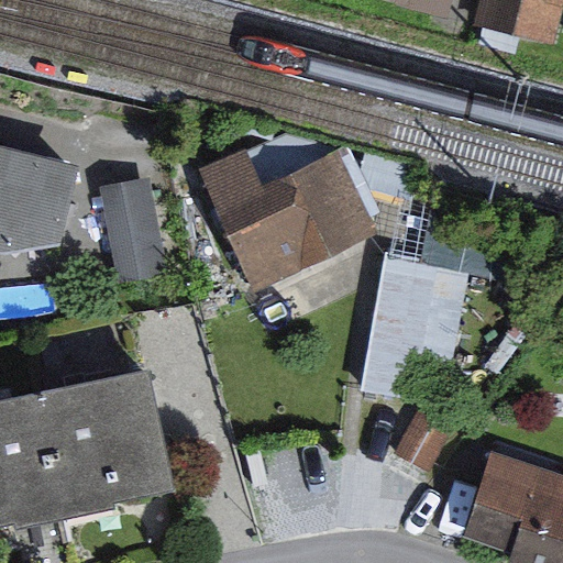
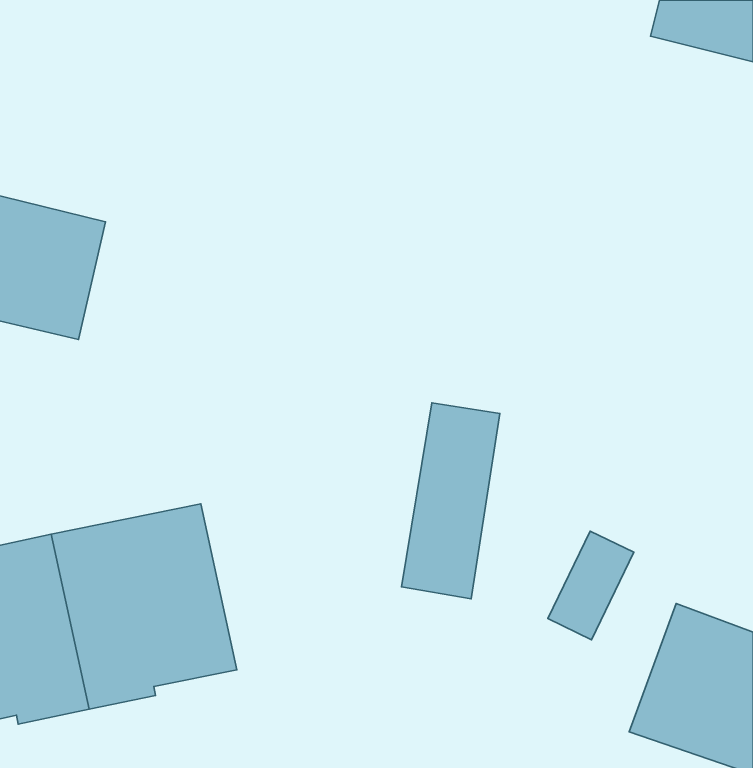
building: [210,155,368,282] -> none
building: [101,179,164,285] -> none
building: [364,253,435,396] -> [402,403,500,599]

